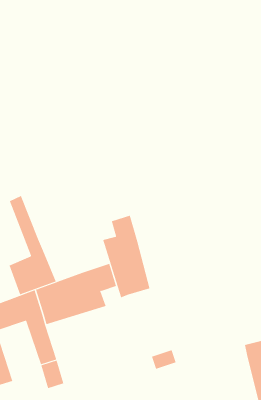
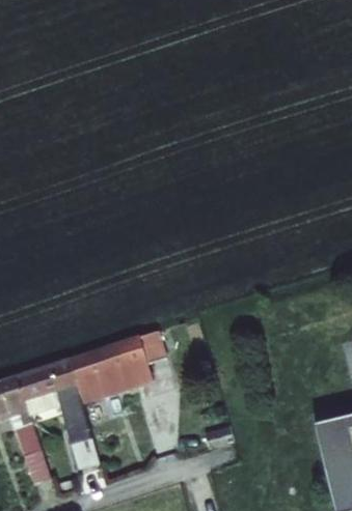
building: [9,195,56,295] -> none
building: [103,215,150,298] -> none

